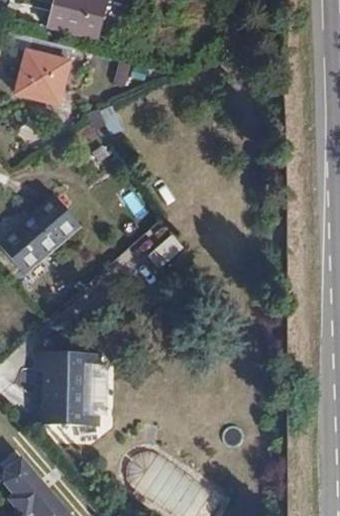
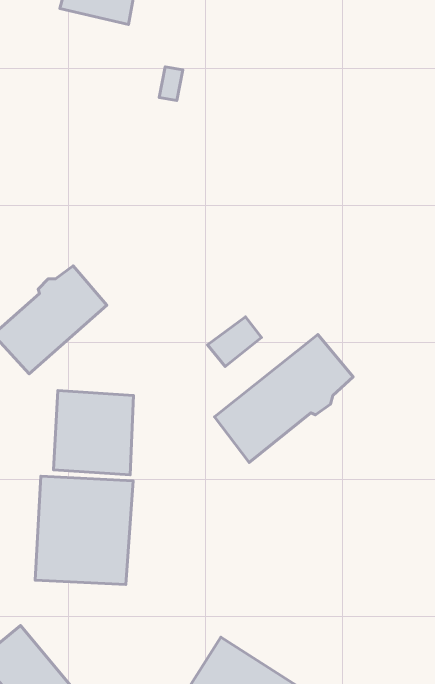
building: [15,35,73,104] -> none
building: none -> [215,334,353,463]
building: none -> [54,391,133,475]

